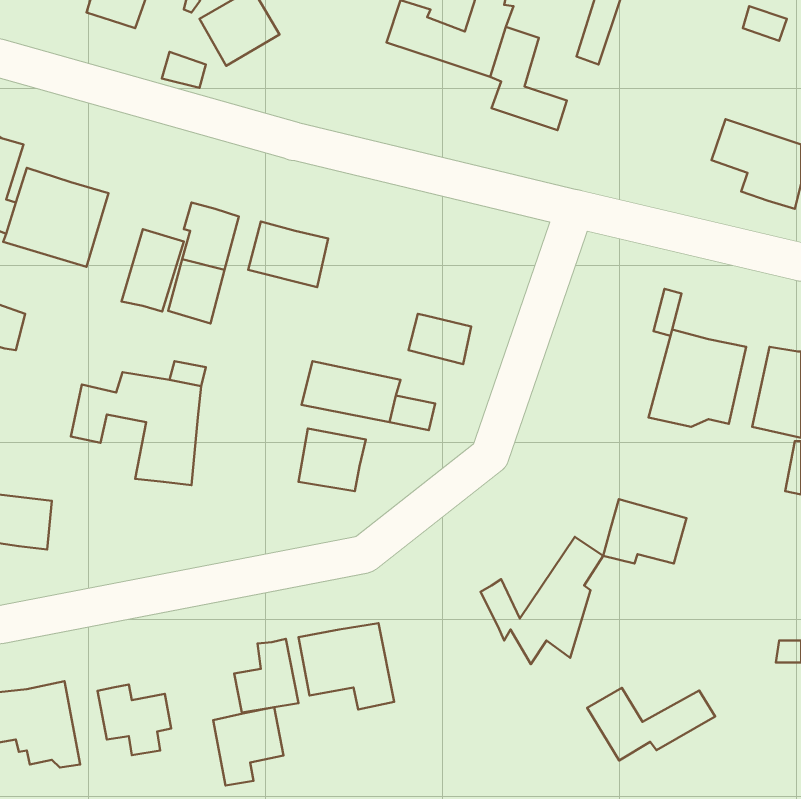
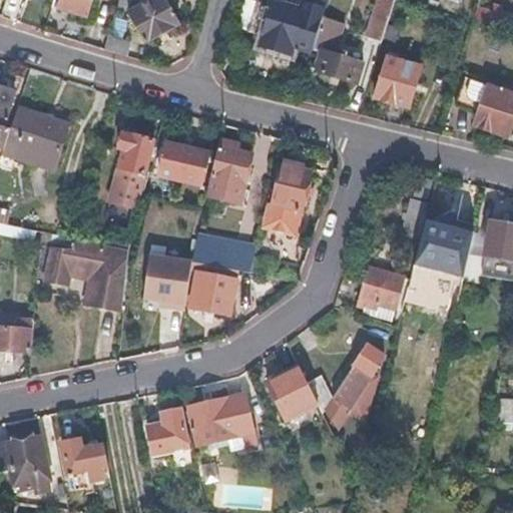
building: none -> [374,55,419,105]
building: none -> [207,140,251,202]
building: [122,229,184,311] -> none
building: none -> [272,163,311,208]
building: none -> [143,252,192,309]
building: [603,499,686,564] -> [358,266,411,307]
building: none -> [268,364,318,416]
building: [587,688,715,761] -> none
building: [213,707,284,785] -> none

